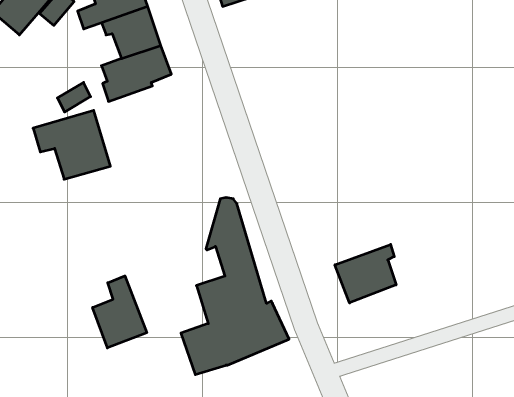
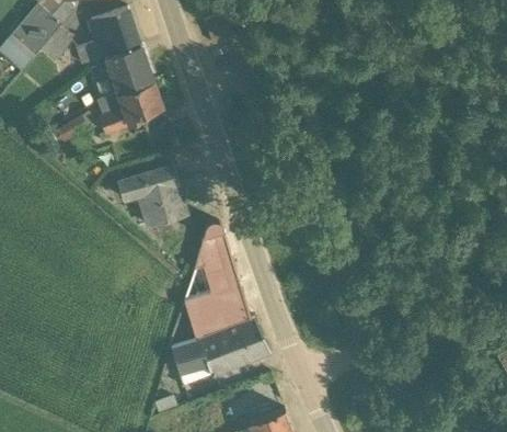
building: [33,110,110,179] -> [116,164,187,228]
building: [335,244,396,303] -> none
building: [93,276,147,348] -> none

